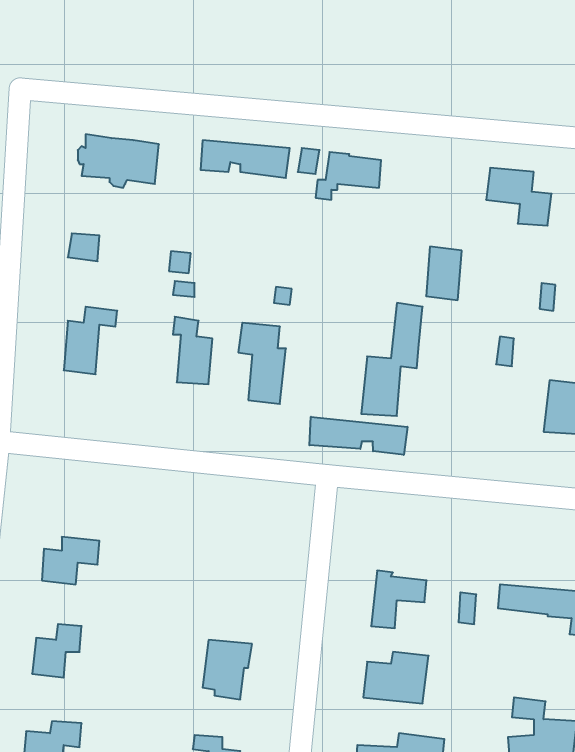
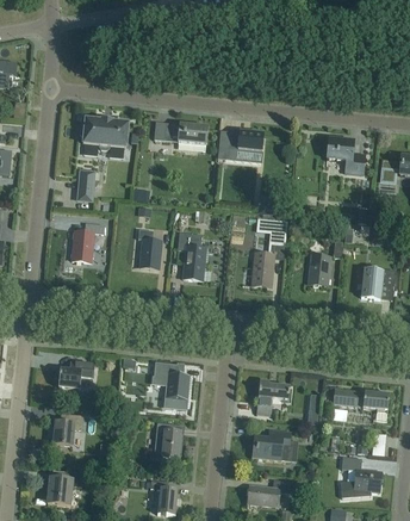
building: [426,247,462,300] -> [308,254,329,286]
building: [309,417,407,455] -> none
building: none -> [153,362,190,409]

